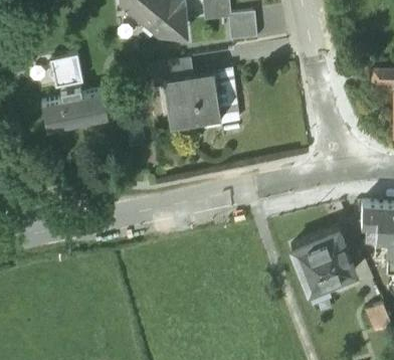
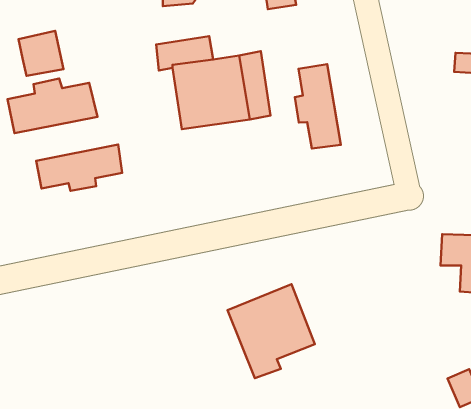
building: none -> [295,64,341,149]
building: none -> [36,145,122,191]
building: [291,229,356,299] -> [228,284,315,378]

